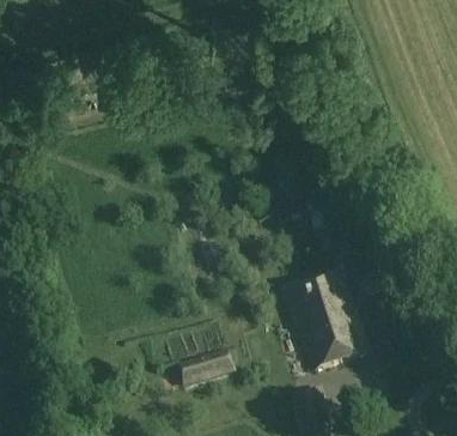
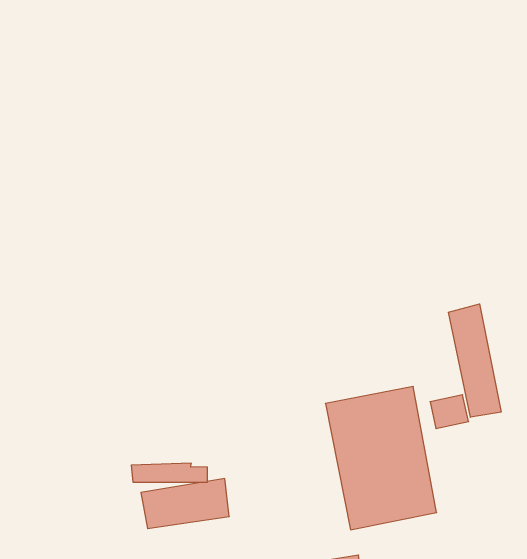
building: none -> [448,304,501,417]

